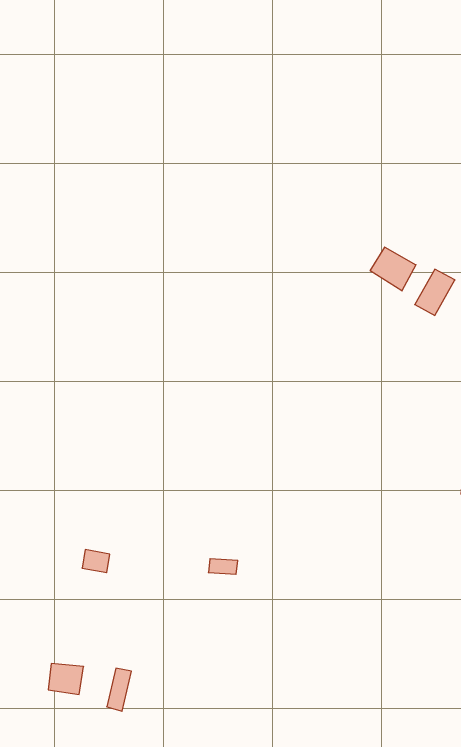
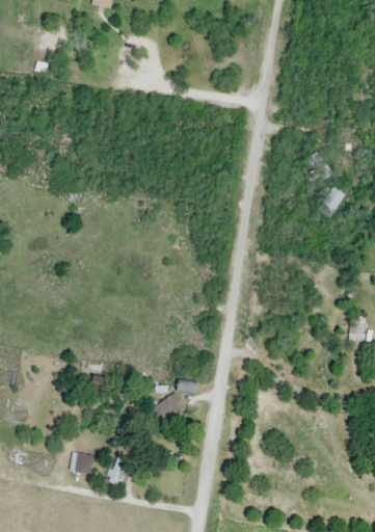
building: [370,247,416,291] -> none
building: none -> [150,393,185,425]

